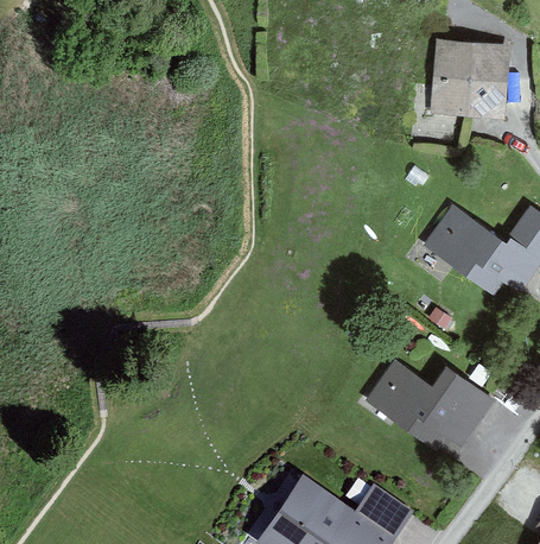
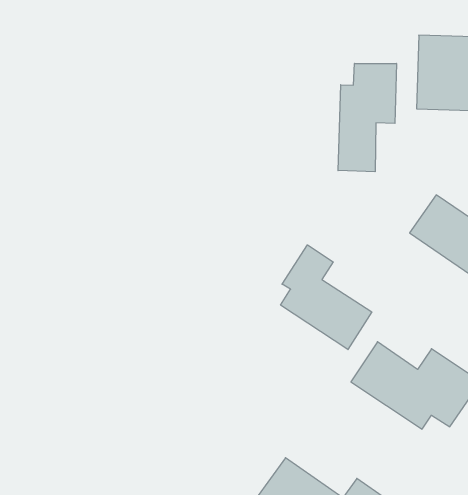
building: none -> [338,63,396,172]
building: none -> [281,245,372,350]

